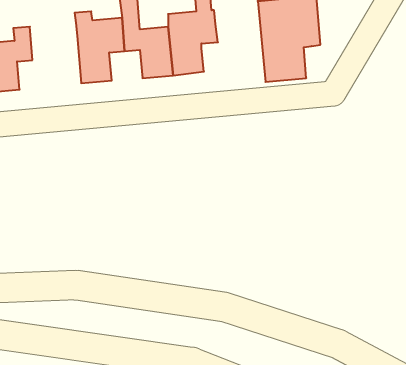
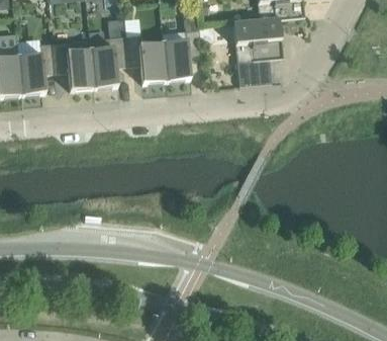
building: none -> [53,40,93,91]

